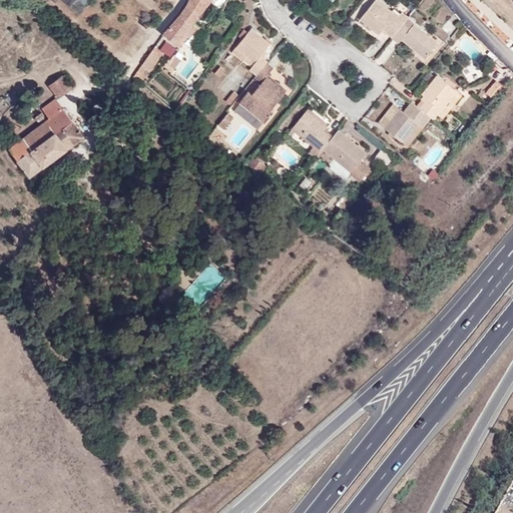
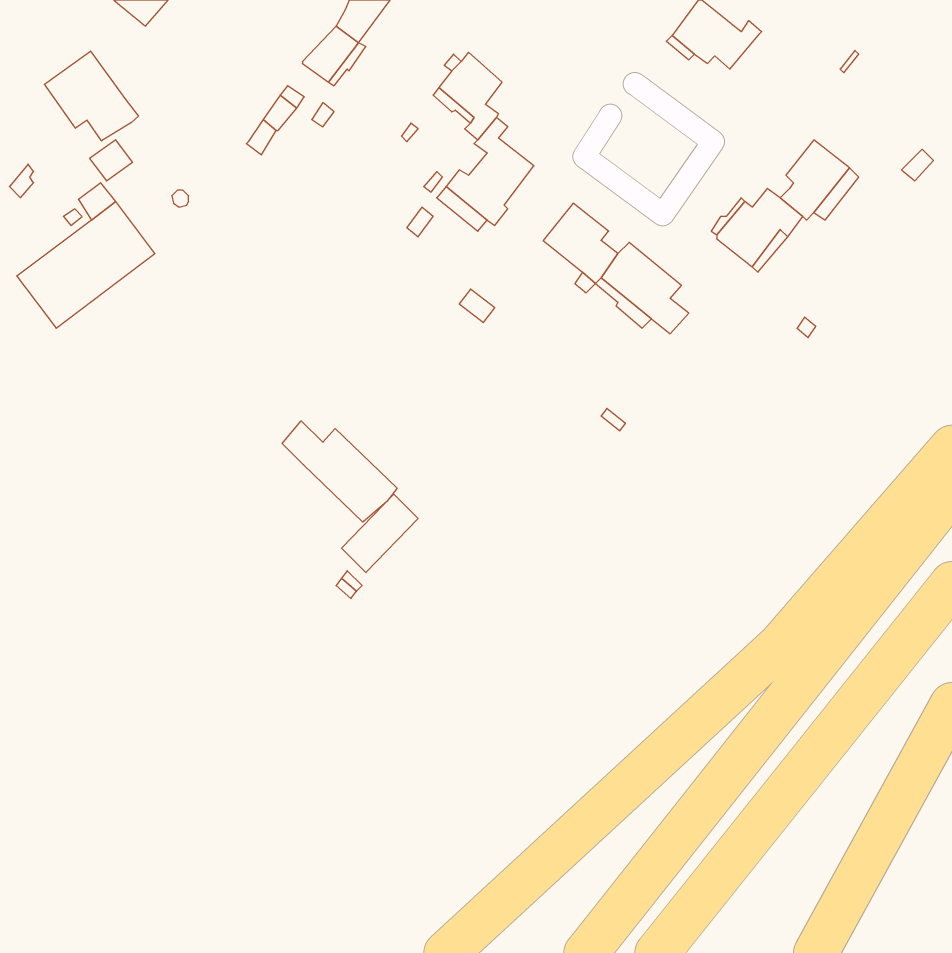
building: [392,18,437,58] -> none
building: none -> [44,51,138,141]
building: none -> [282,421,397,522]

